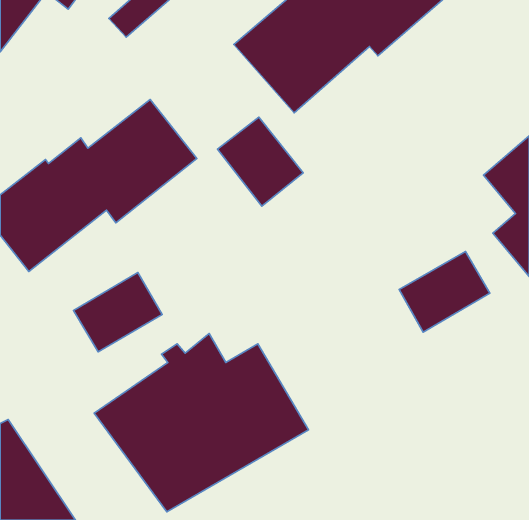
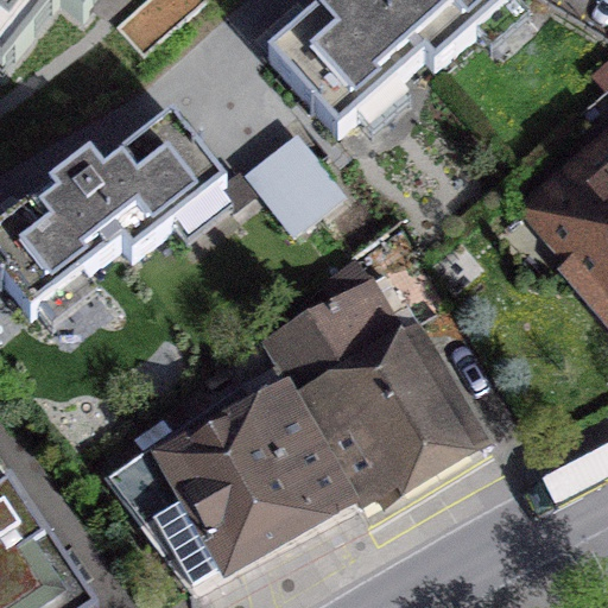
building: none -> [271,278,467,502]
building: [399,252,490,332] -> none
building: [73,272,162,352] -> none

